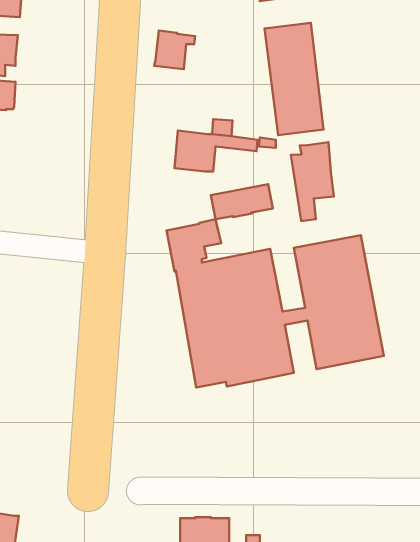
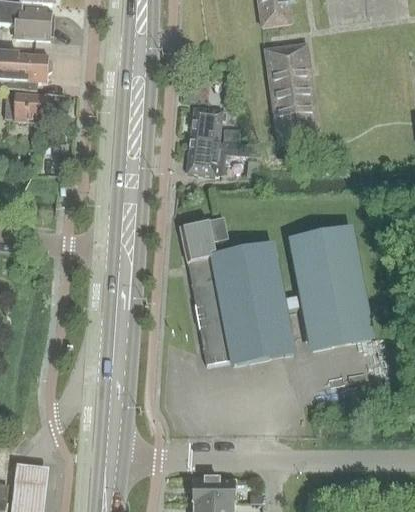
building: [154,31,195,69] -> [190,107,226,141]
building: [291,142,334,221] -> none
building: [211,184,273,219] -> none

